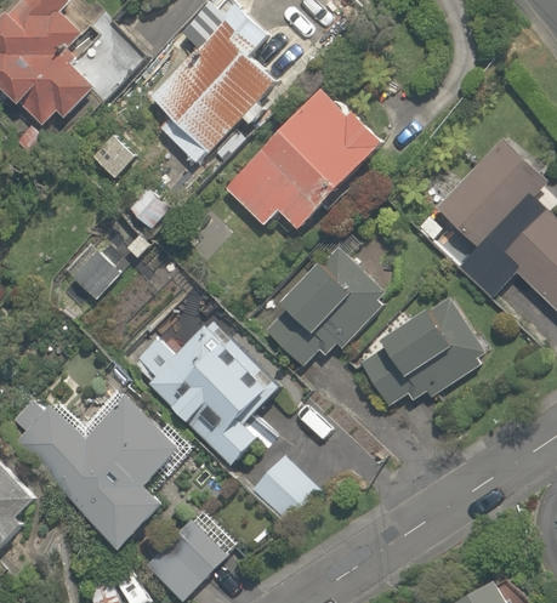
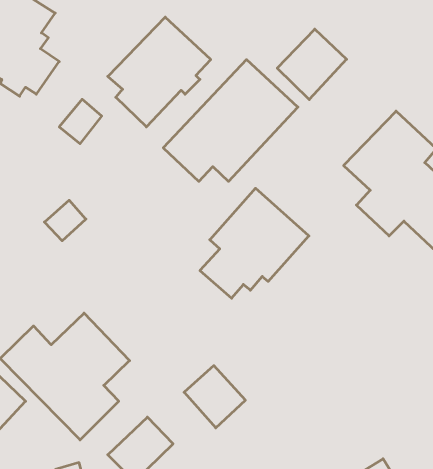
building: none -> [277,29,347,100]
building: [359,297,488,404] -> none
building: [133,320,266,465] -> none

